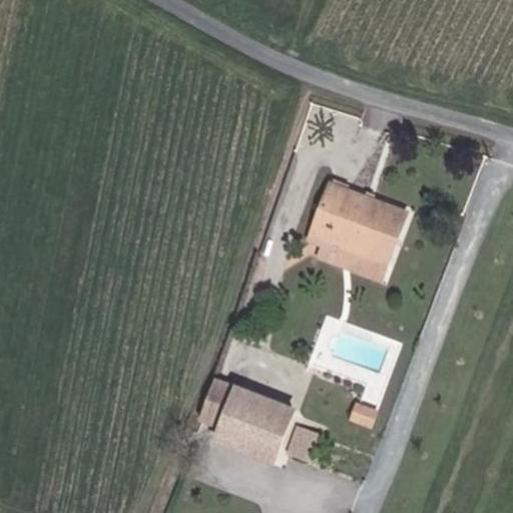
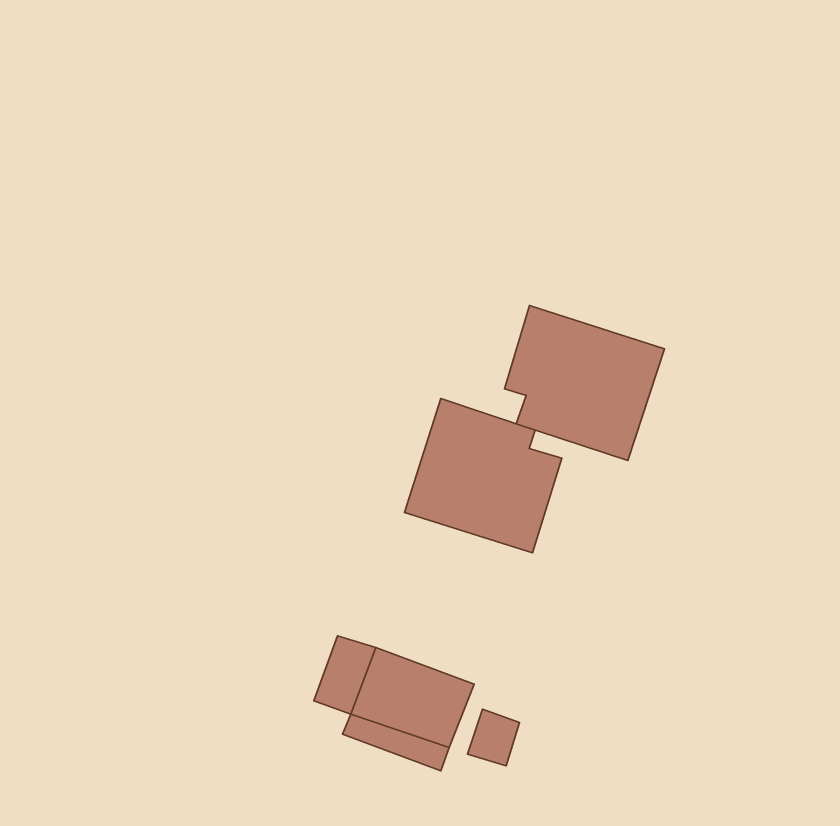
building: none -> [404,399,562,553]

